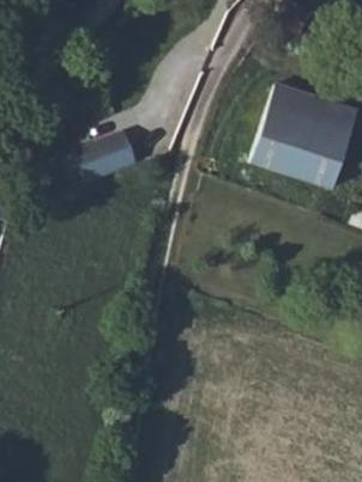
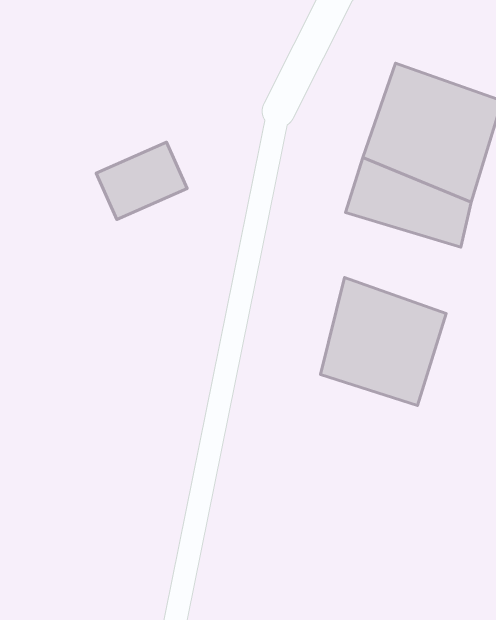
building: none -> [321,278,446,406]

